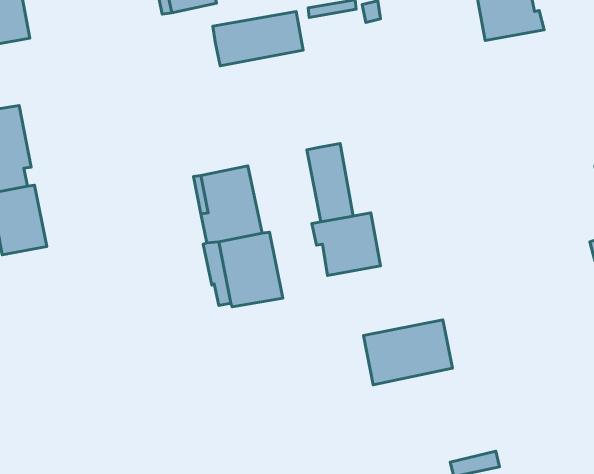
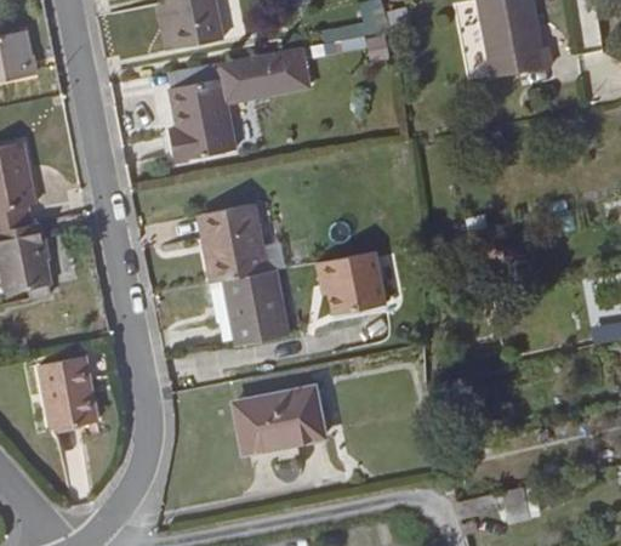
building: none -> [169,78,234,161]
building: [307,144,353,222] -> none
building: none -> [40,354,97,428]
building: [363,320,453,385] -> [234,387,324,453]

